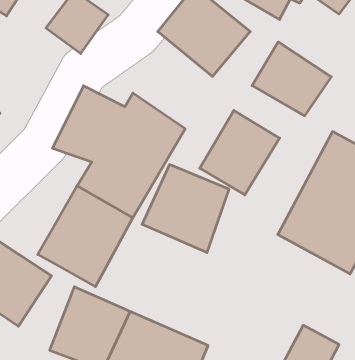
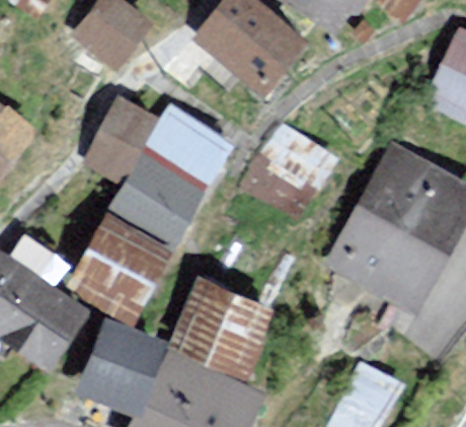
building: [252,42,331,116] -> none
building: [142,165,229,253] -> [170,282,266,379]

